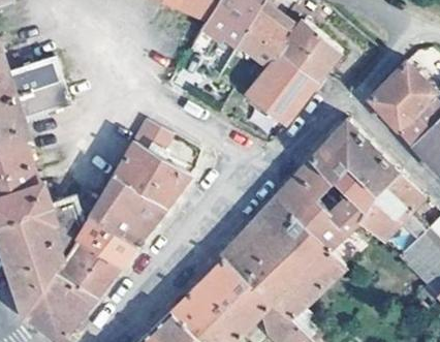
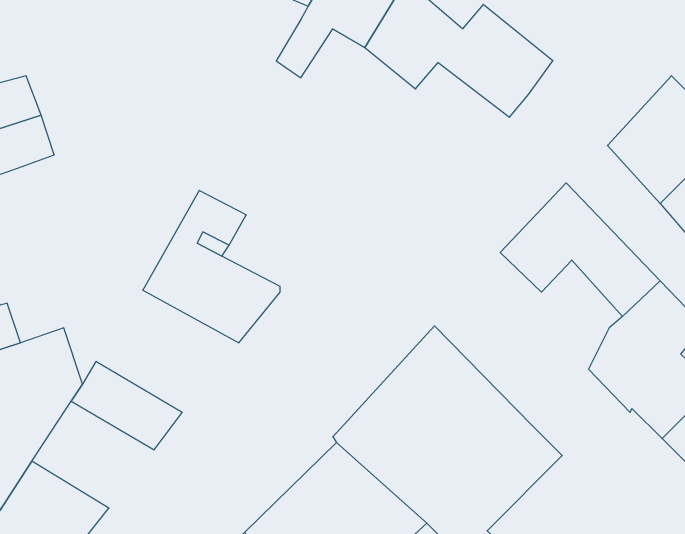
building: [243,52,316,126] -> none
building: [275,156,378,251] -> none
building: [89,177,167,244] -> none
building: [54,238,121,297] -> none

